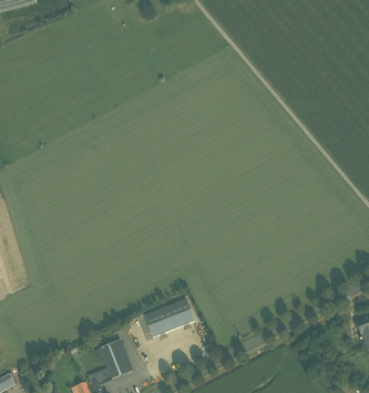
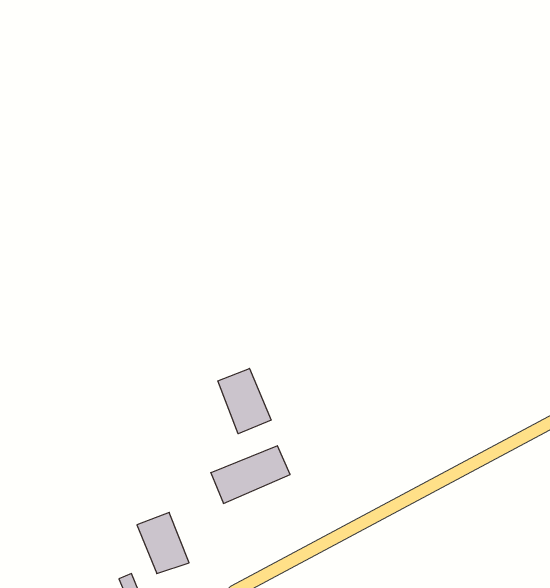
building: none -> [218,368,271,434]

